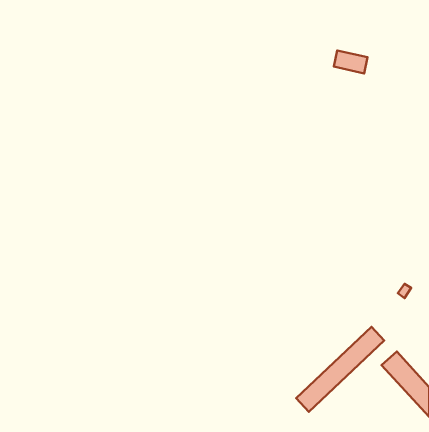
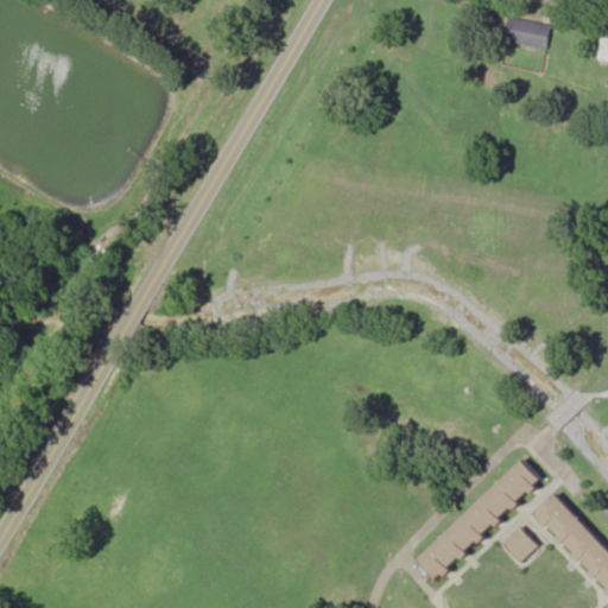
building: [334,51,368,73] -> [502,19,550,51]
building: none -> [502,530,536,563]

